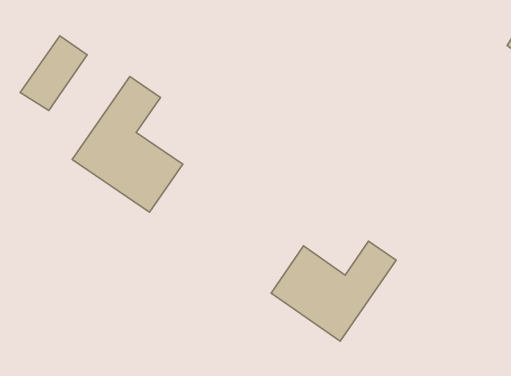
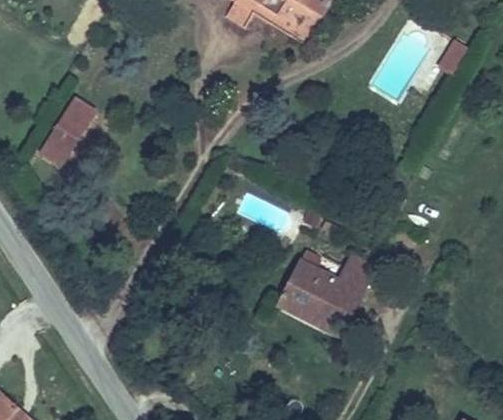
building: [72,77,183,212] -> none

